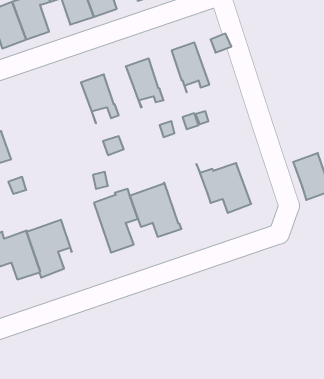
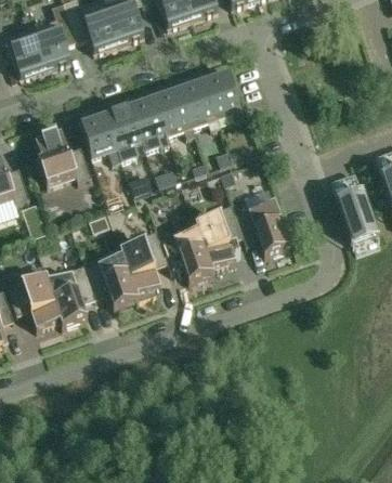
building: none -> [179,78,220,132]
building: none -> [130,95,170,143]
building: none -> [80,113,121,160]
building: none -> [35,128,91,183]
building: none -> [196,201,243,266]
building: none -> [83,244,138,306]

